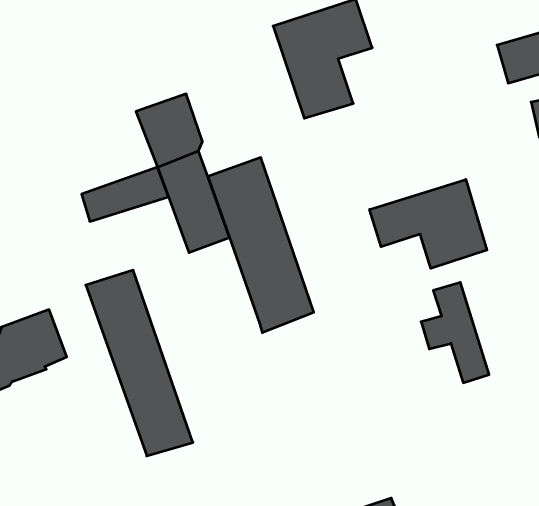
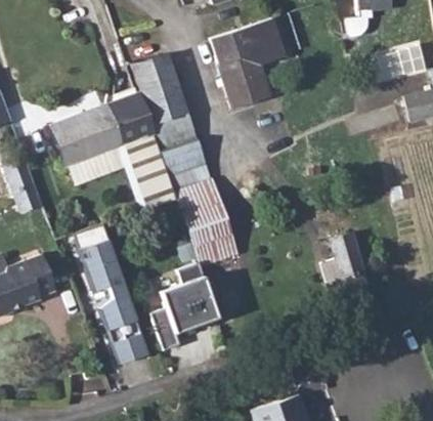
building: none -> [135,51,191,126]
building: none -> [49,103,123,166]
building: [370,179,487,268] -> none
building: none -> [149,263,219,351]

